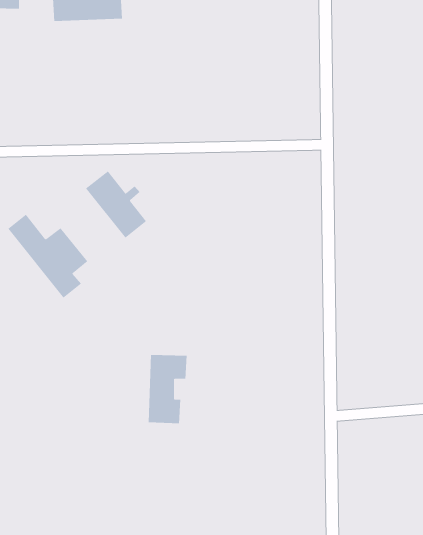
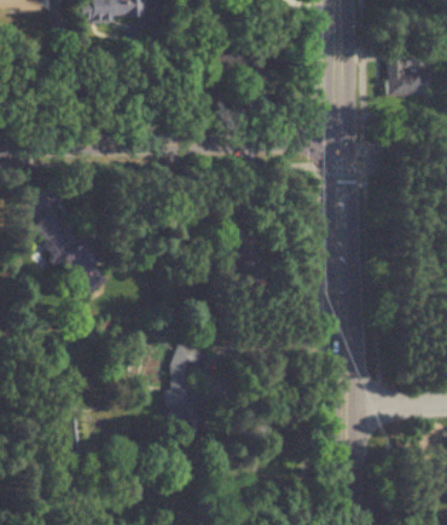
building: none -> [389,48,429,97]
building: [85,170,147,238] -> none

